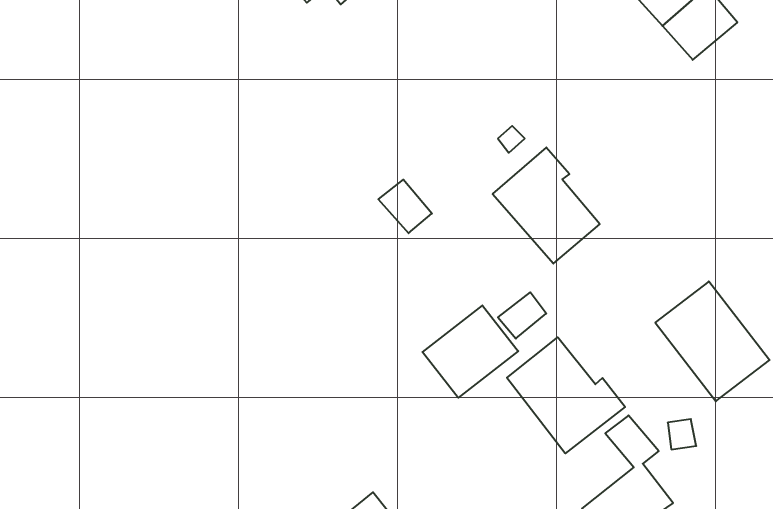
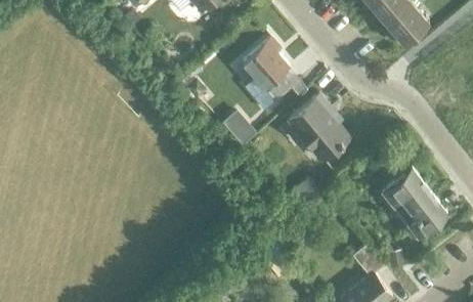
building: none -> [243,38,289,111]
building: [422,305,518,398] -> none
building: [507,337,625,453] -> none

